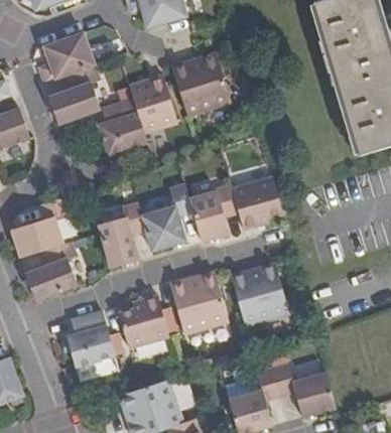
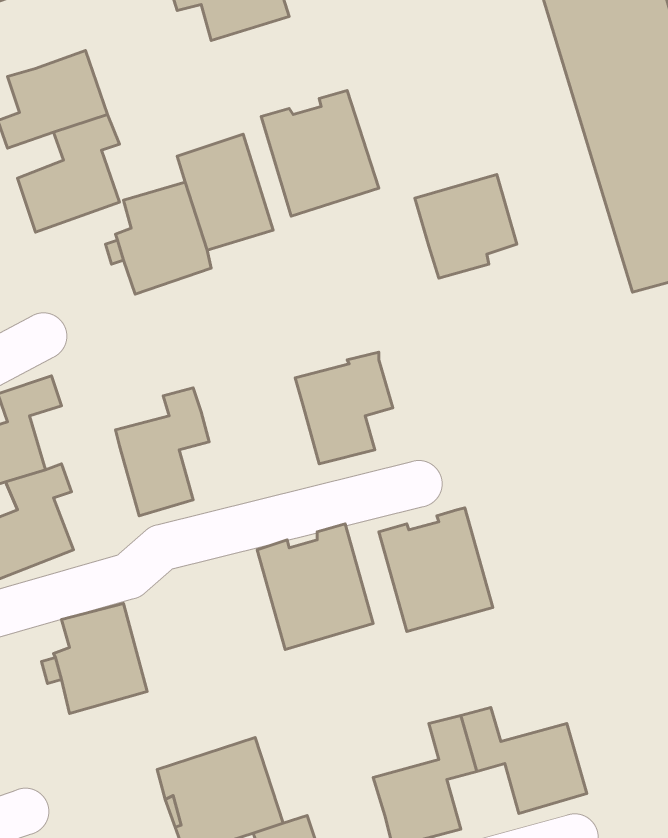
building: [231,176,282,229] -> [415,174,517,278]
building: [141,183,192,250] -> none
building: [118,295,168,348] -> none

